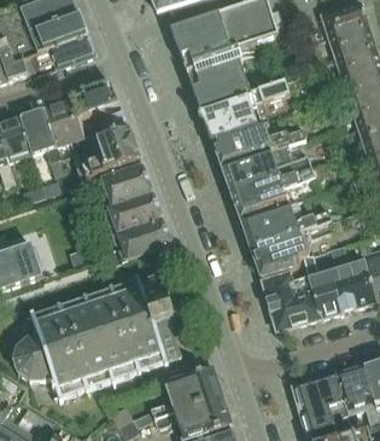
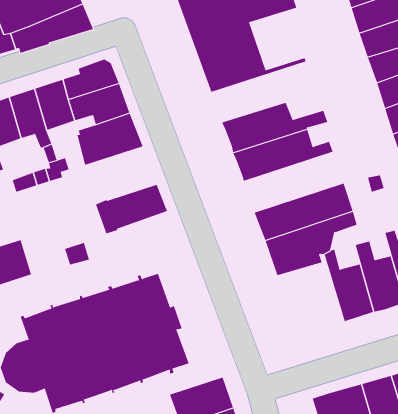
building: [201,85,290,139] -> none
building: [230,163,327,220] -> none
building: [101,164,153,209] -> none
building: [118,219,173,261] -> none
building: [262,271,321,331] -> none

